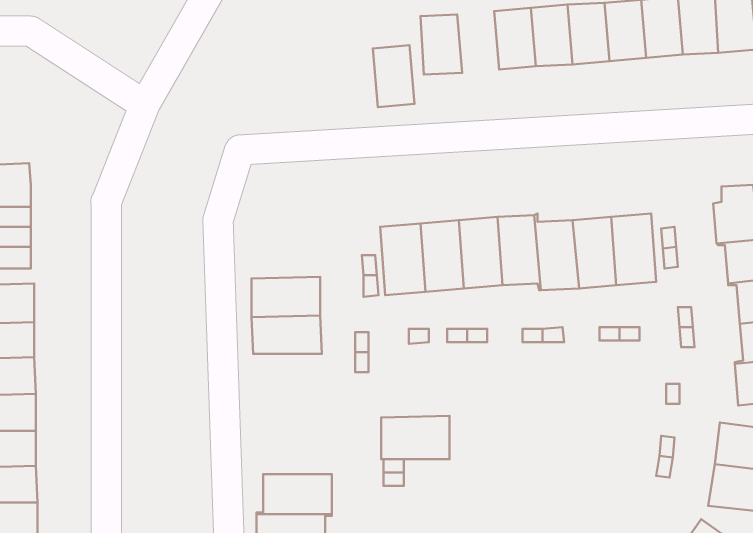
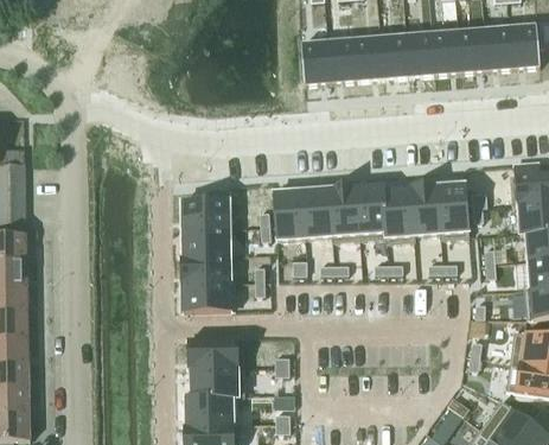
building: [373,45,415,107] -> [327,39,357,83]
building: none -> [181,191,230,229]
building: none -> [183,282,231,311]
building: [381,416,450,459] -> [190,337,238,368]

